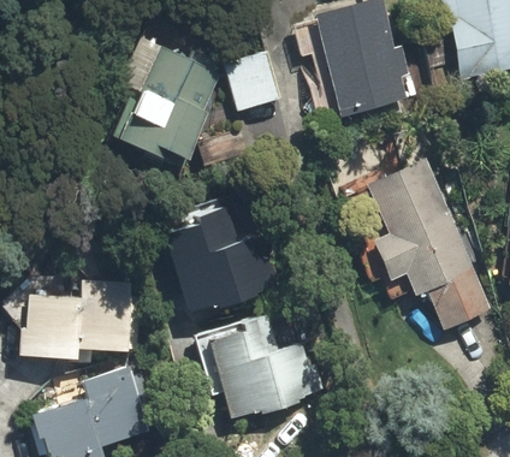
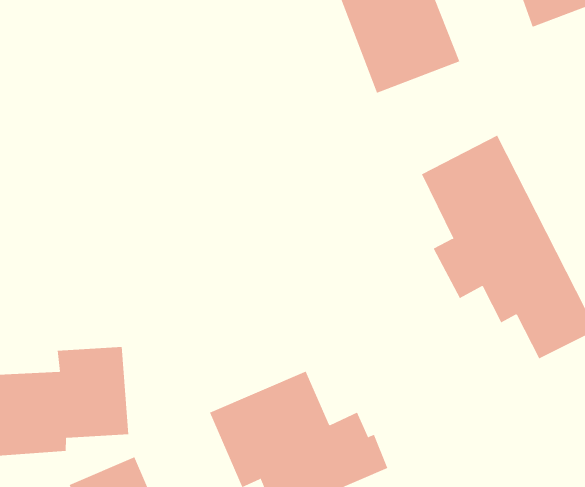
building: [123,49,219,159] -> none
building: [224,53,279,112] -> none
building: [168,213,274,311] -> none

